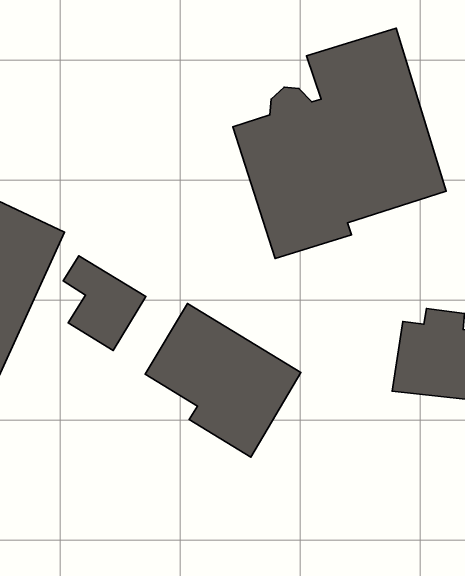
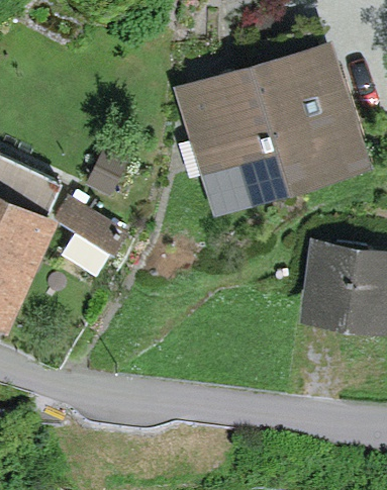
building: [145,304,301,457] -> none

